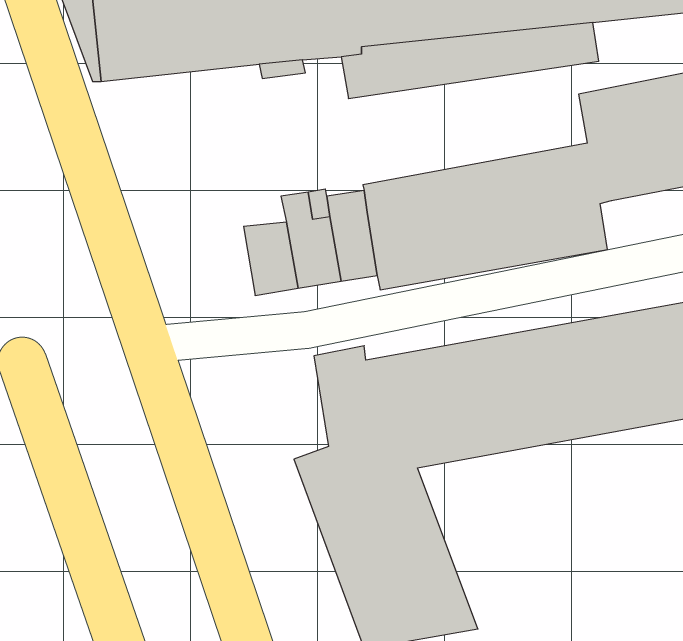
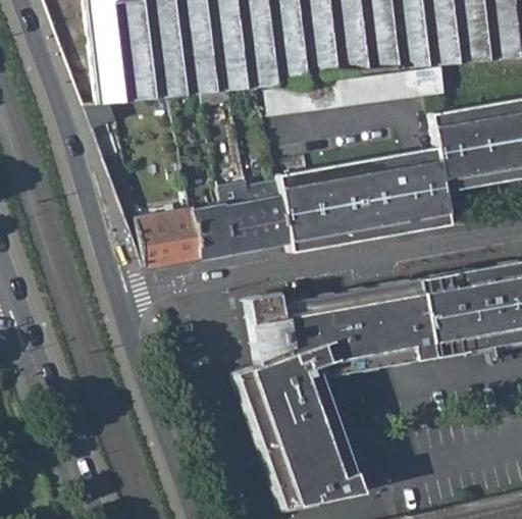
building: none -> [141,207,206,266]

